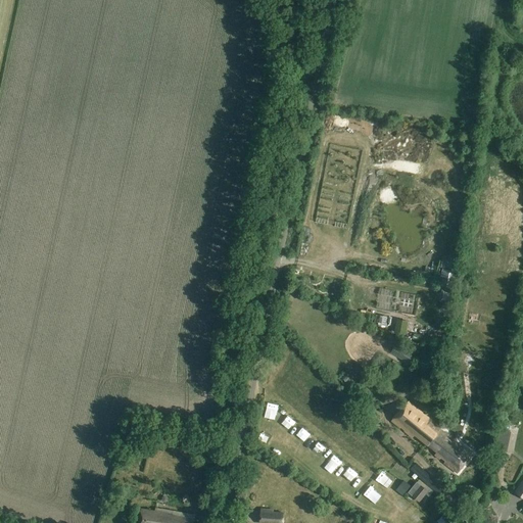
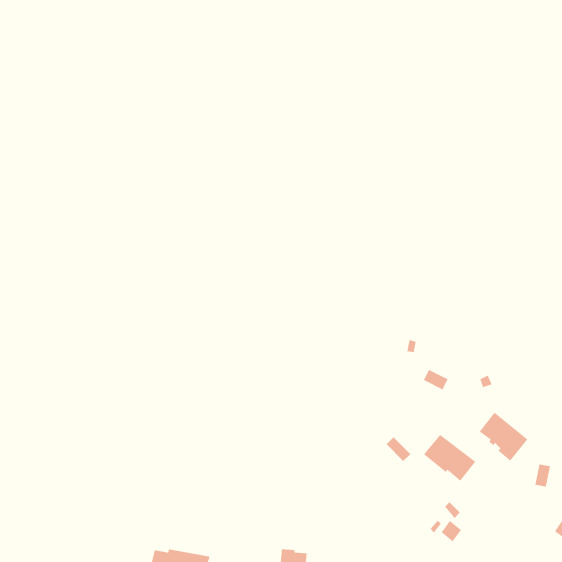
building: [428,429,474,475] -> [479,412,528,461]

